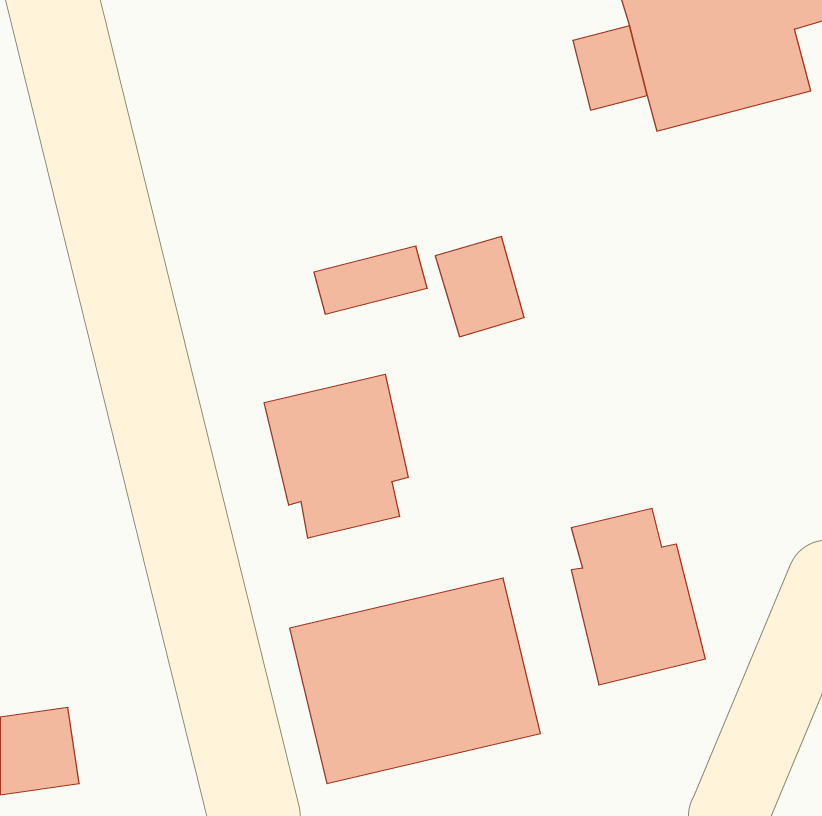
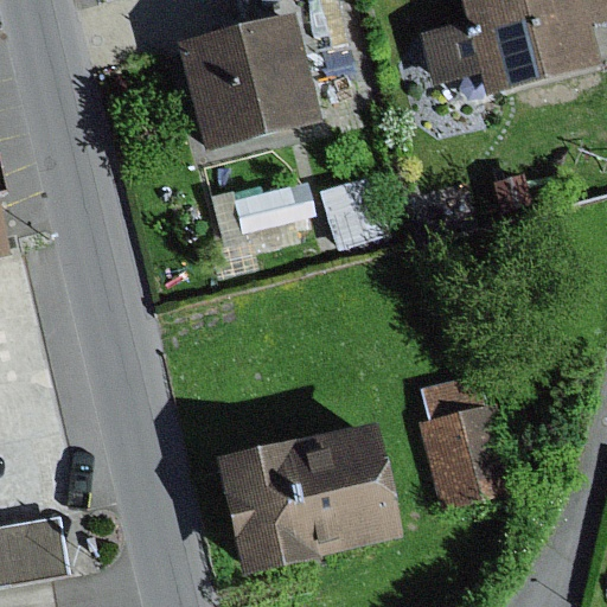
building: none -> [179,13,315,147]
building: [264,374,408,538] -> none

